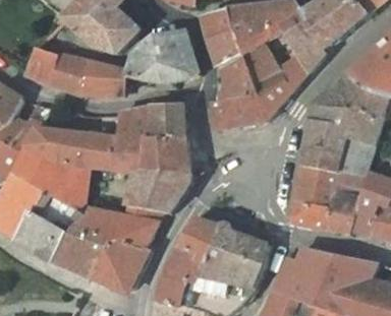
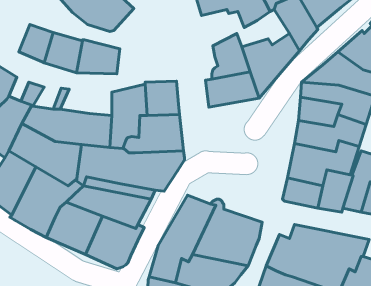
building: [124,28,199,81] -> none
building: [207,29,275,67] -> none

